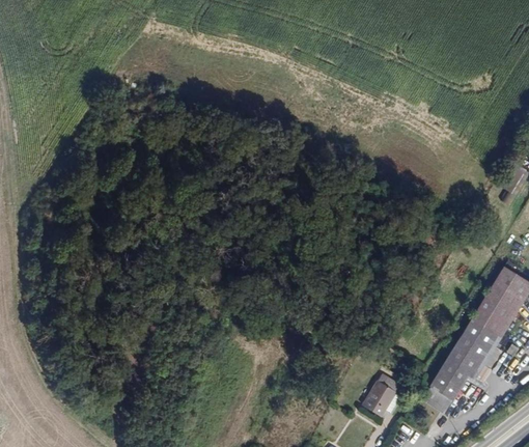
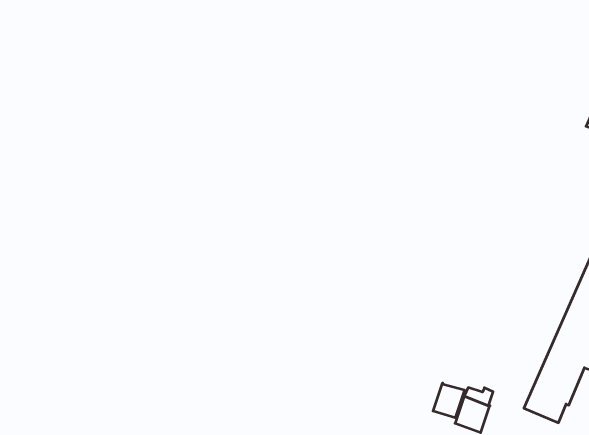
building: none -> [433,383,464,418]

